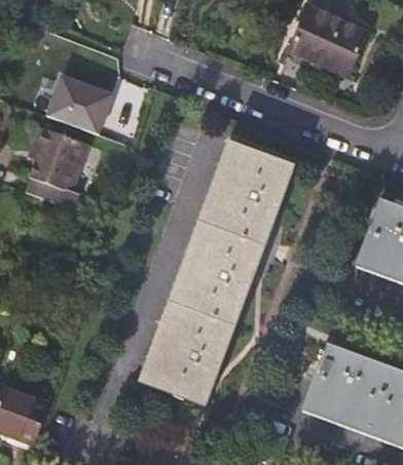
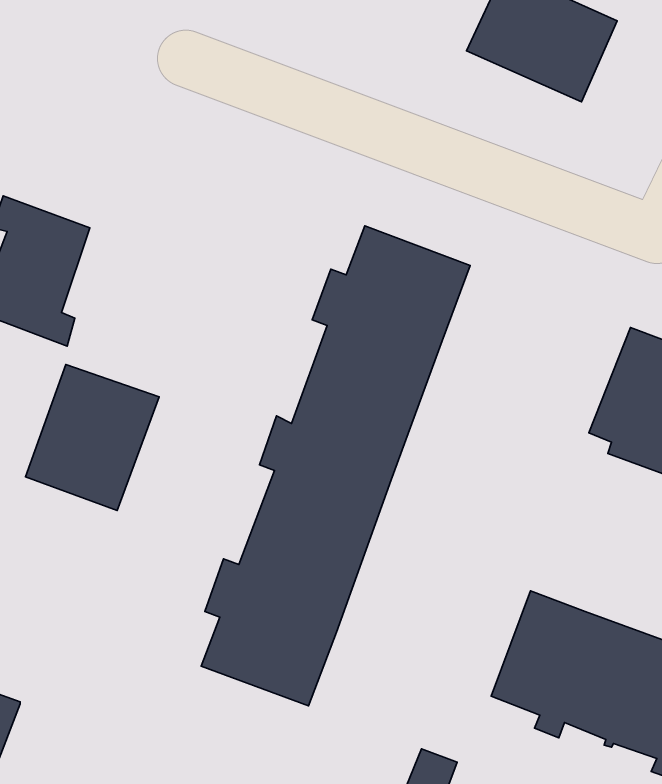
building: [47,71,118,133] -> none
building: none -> [25,364,159,511]

